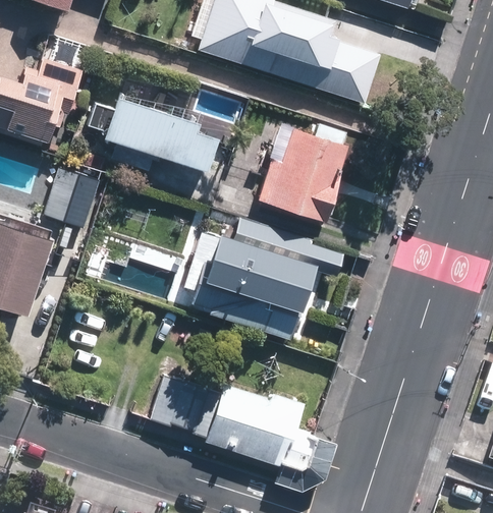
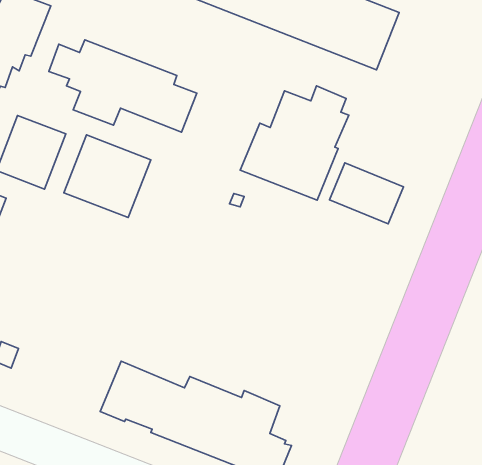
building: none -> [64,135,151,218]
building: none -> [329,163,403,224]
building: [189,234,308,341] -> none

